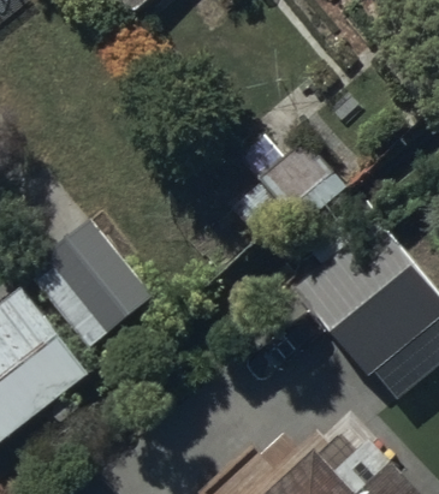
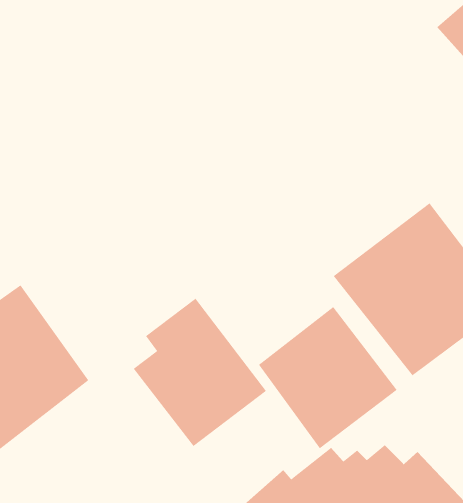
building: [36,221,154,352] -> [133,298,267,447]
building: none -> [258,306,397,449]

